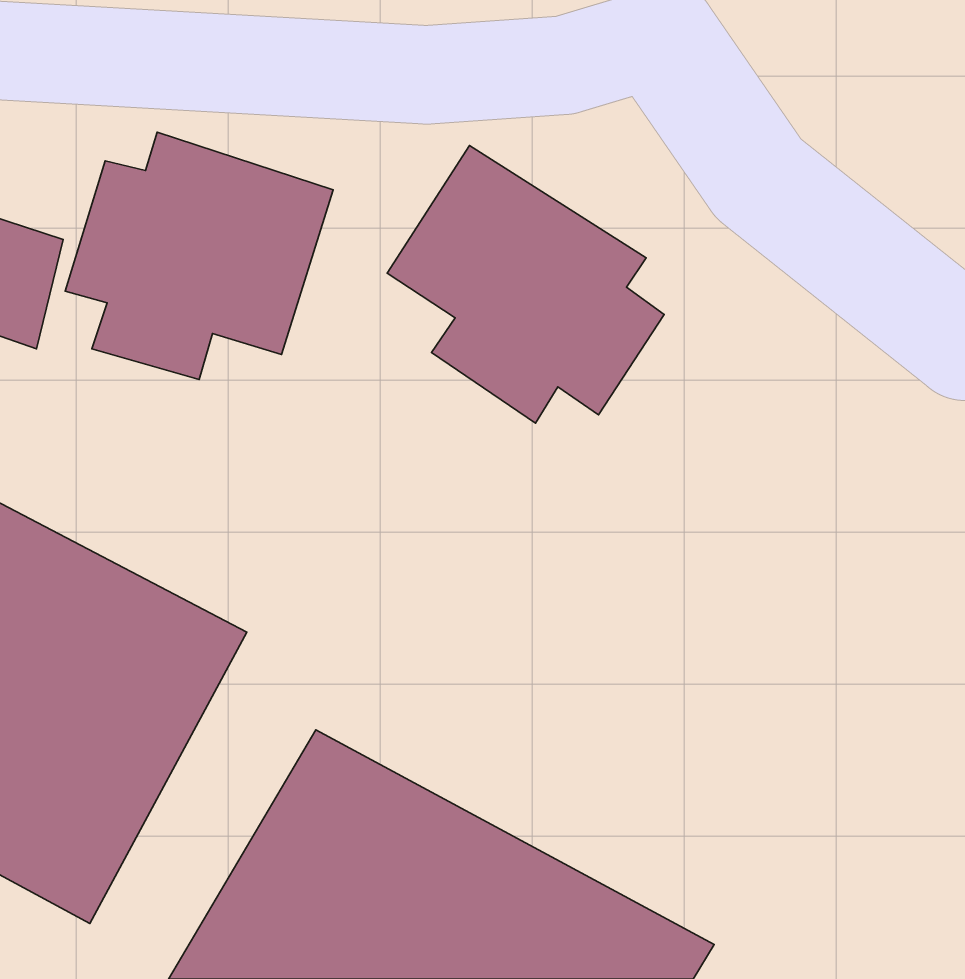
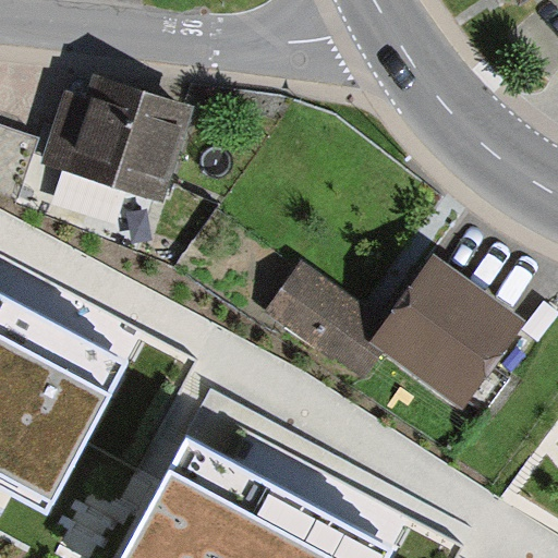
building: [387,146,664,423] -> none
building: none -> [262,257,523,409]

